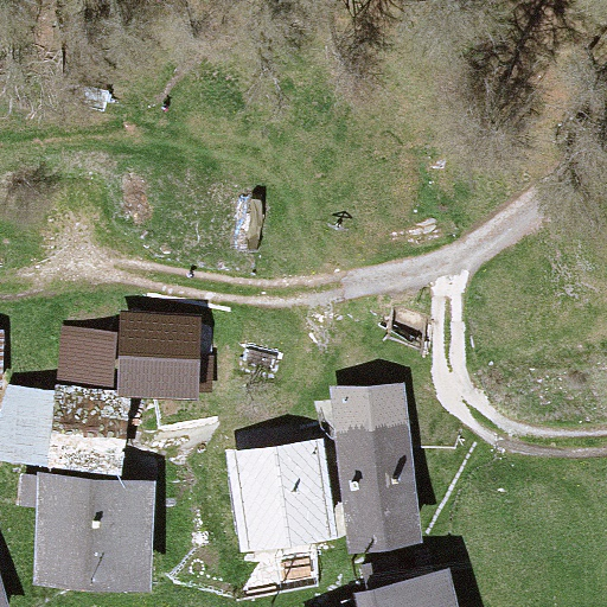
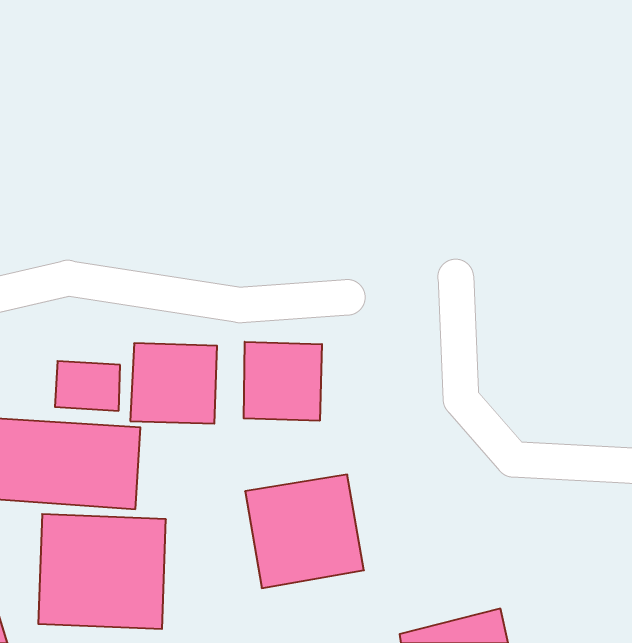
building: none -> [244,342,322,421]
building: [333,389,429,549] -> none

